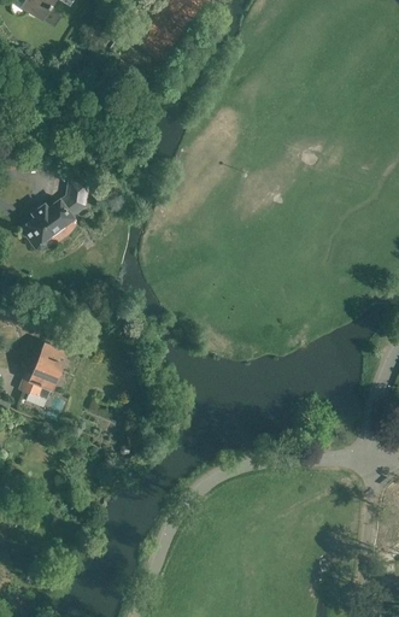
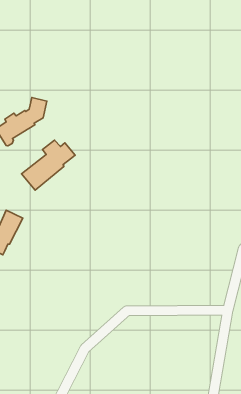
building: none -> [22,140,75,190]

